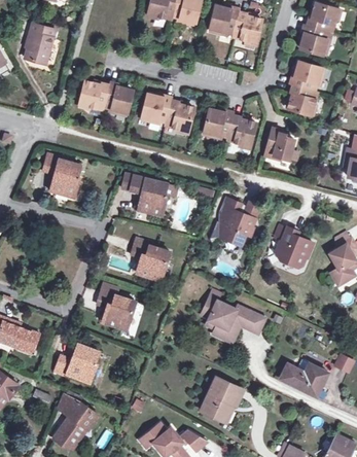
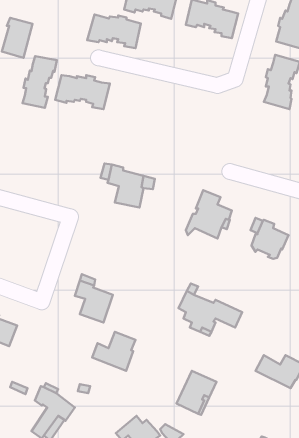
building: none -> [22,56,57,108]
building: [140,97,193,131] -> [87,14,141,48]
building: [203,109,255,148] -> none
building: [264,129,294,161] -> none
building: [43,156,80,197] -> none
building: [132,239,170,281] -> none
building: [57,344,100,383] -> [92,332,135,371]

